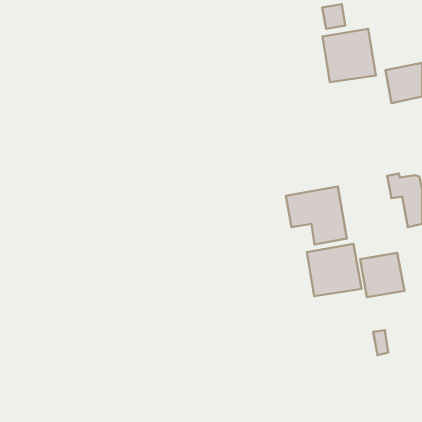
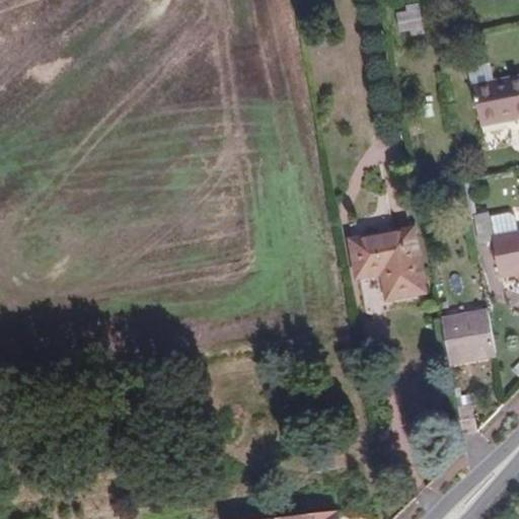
building: [323,29,376,82] -> none
building: [307,244,361,296] -> none

